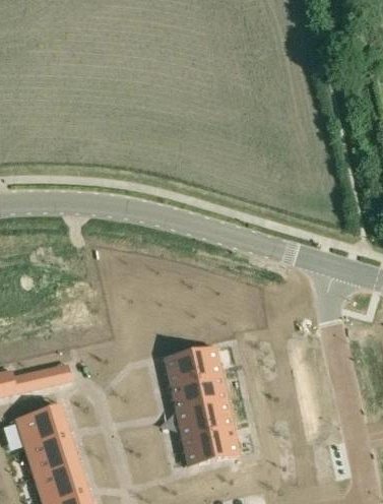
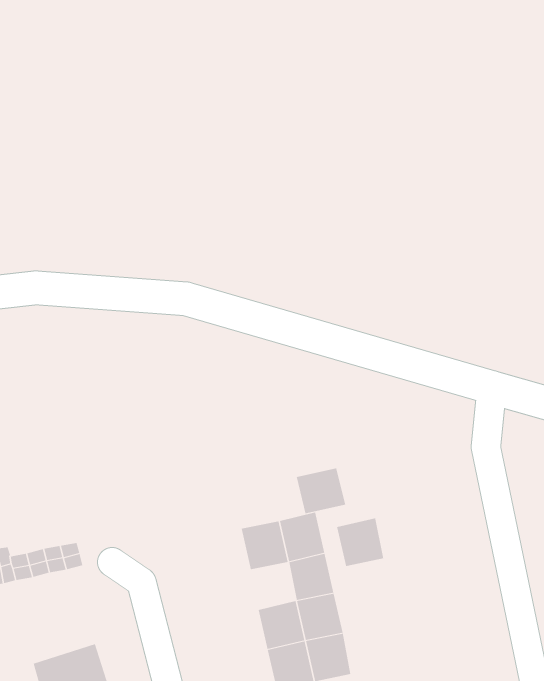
building: none -> [296,468,346,514]
building: none -> [336,518,384,567]
building: [172,380,202,412] -> none
building: [18,405,69,447] -> none

